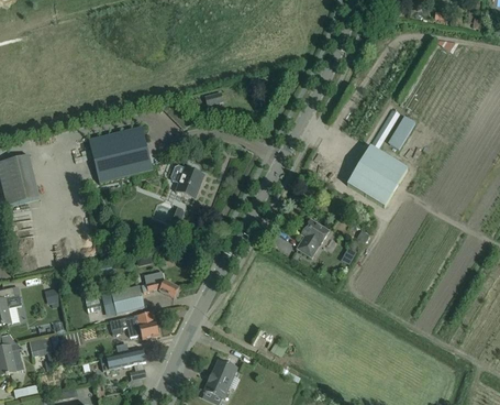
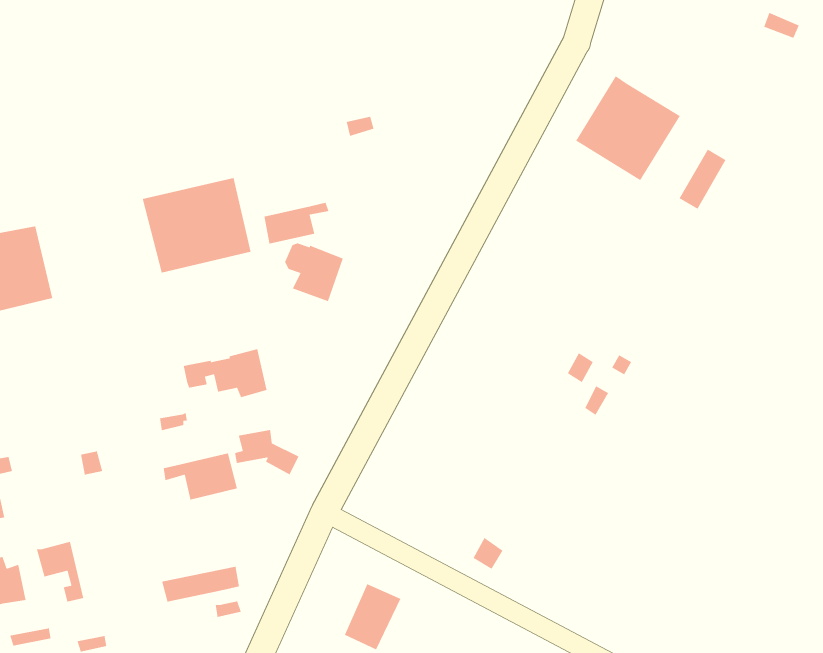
building: none -> [263,202,330,245]
building: [347,145,408,206] -> [575,75,681,181]
building: [297,218,329,256] -> none
building: [110,310,158,339] -> [183,348,267,398]

